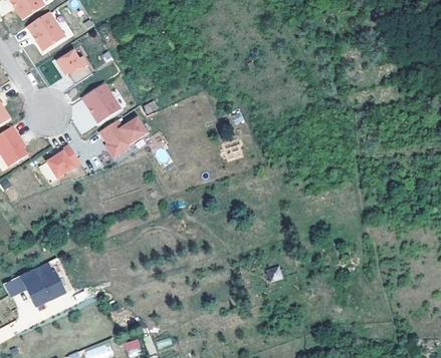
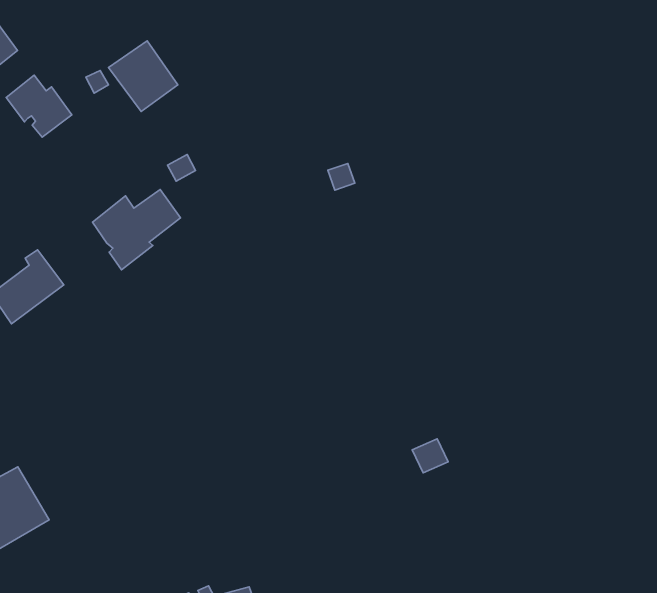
building: [82,85,120,123] -> [109,41,178,111]

